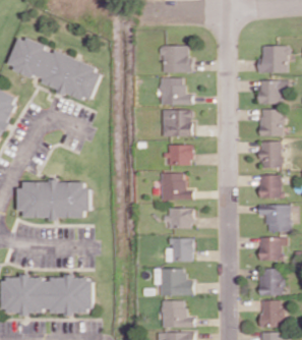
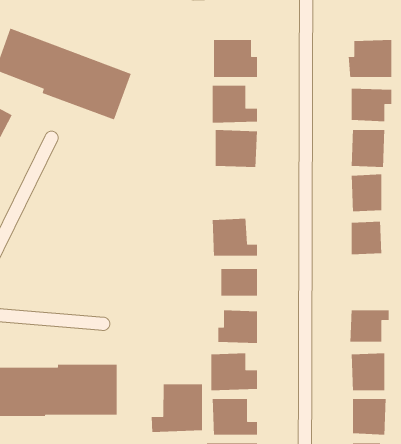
building: [169,145,193,165] -> none
building: [19,181,89,218] -> none
building: [258,205,291,232] -> none
building: none -> [151,384,203,433]

